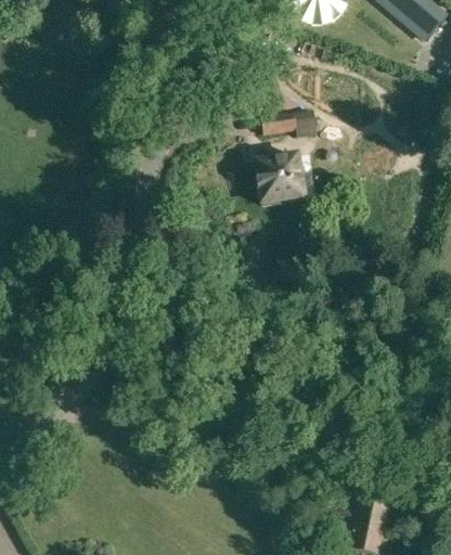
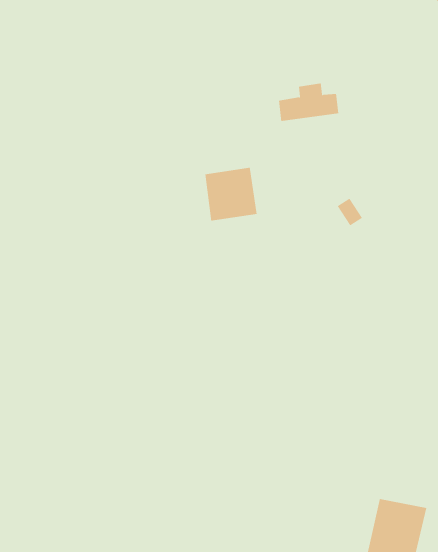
building: [257,155,306,205] -> [205,167,257,221]

